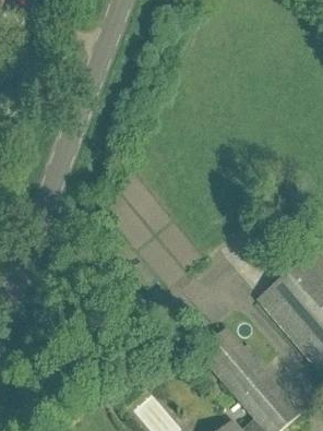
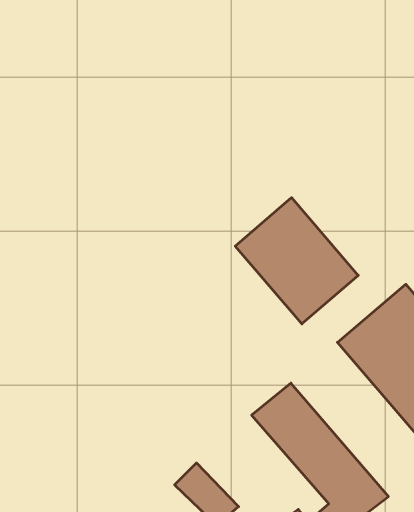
building: none -> [235,198,358,324]

